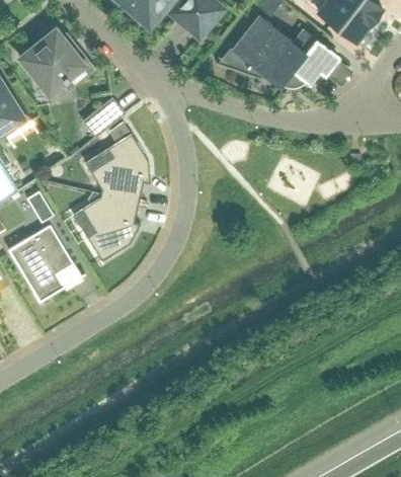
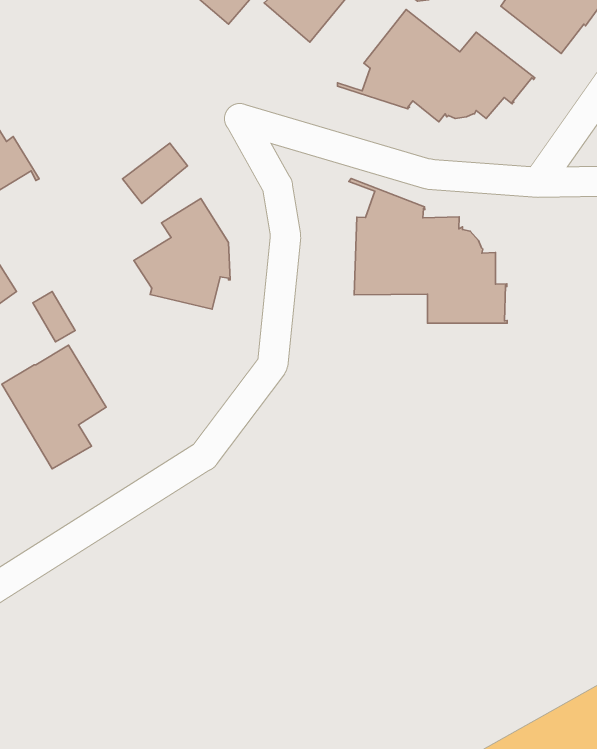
building: [19,28,92,91] -> none
building: none -> [349,179,507,323]
building: [81,192,140,260] -> none

